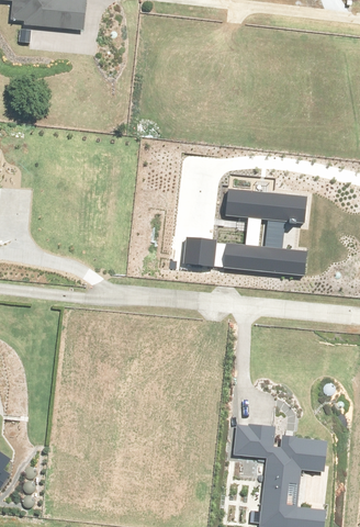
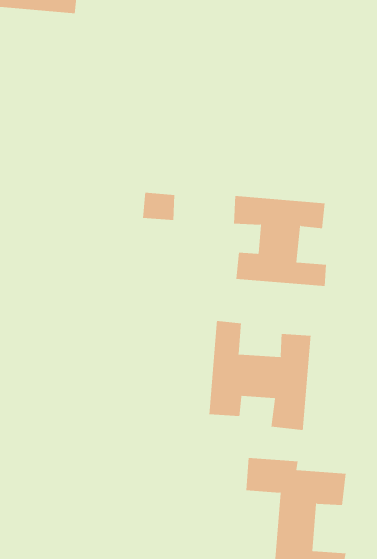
building: [183,239,213,265] -> [142,192,175,221]
building: none -> [209,320,311,431]

